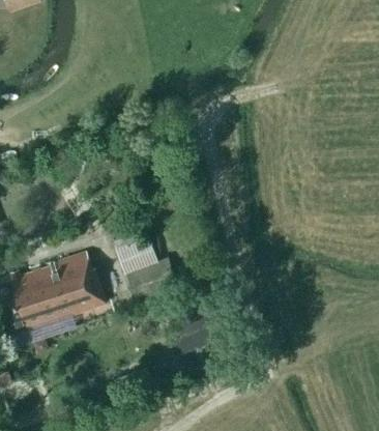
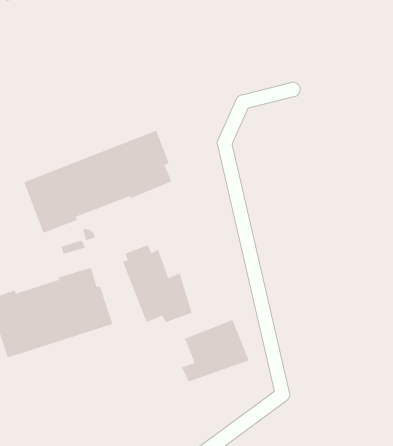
building: none -> [23,130,172,233]

